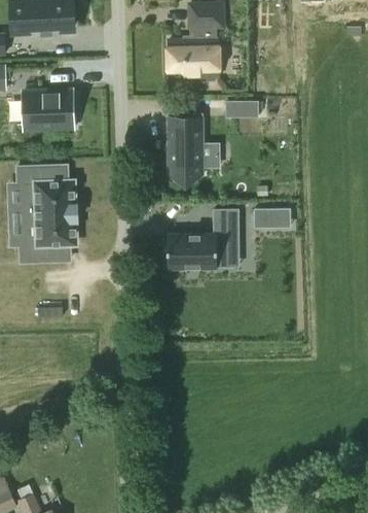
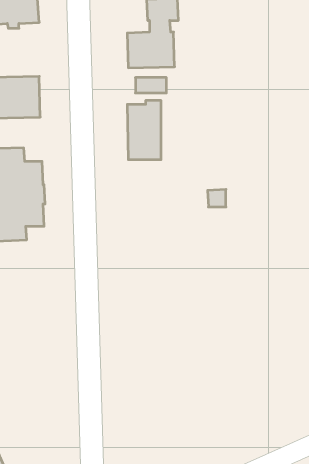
building: [225,101,258,117] -> [135,78,166,93]
building: [168,209,240,271] -> none

